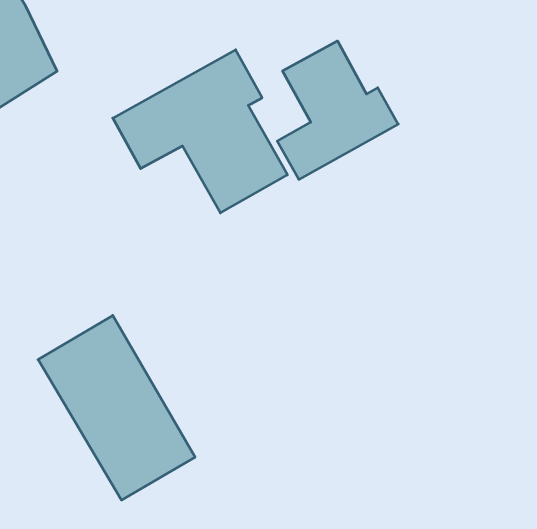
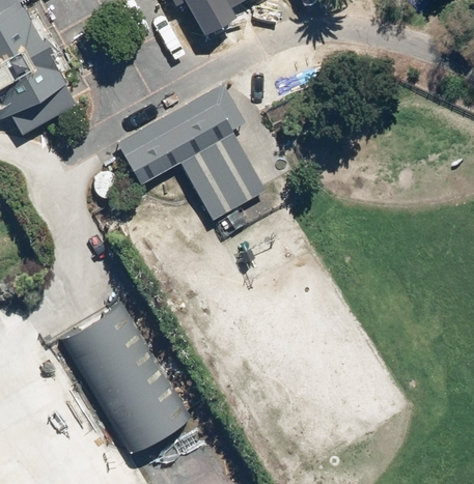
building: [277,41,398,179] -> none

